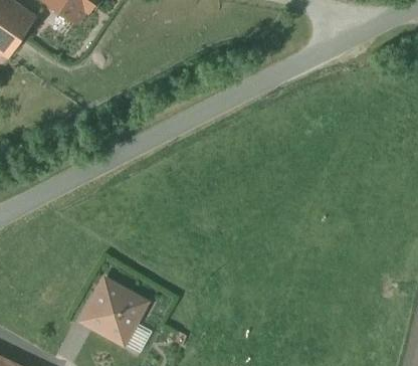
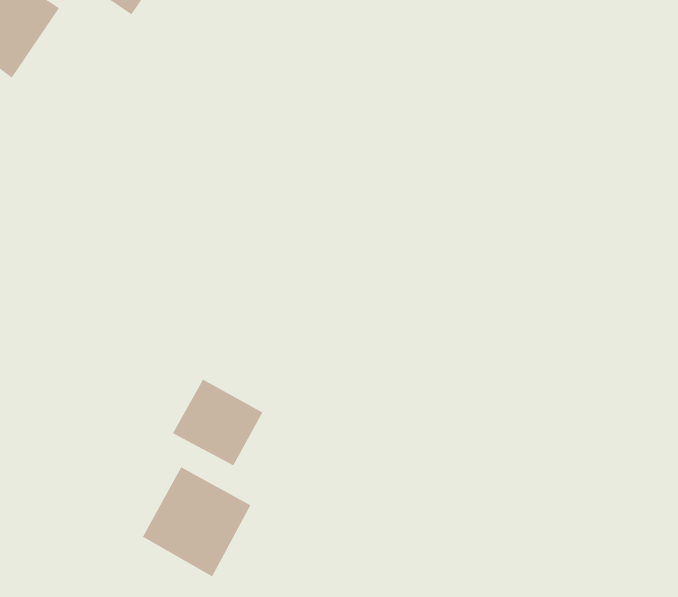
building: none -> [172,379,263,466]

